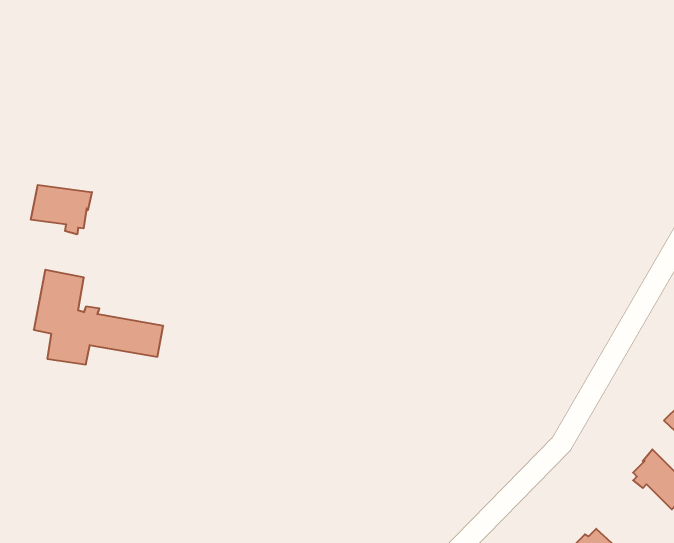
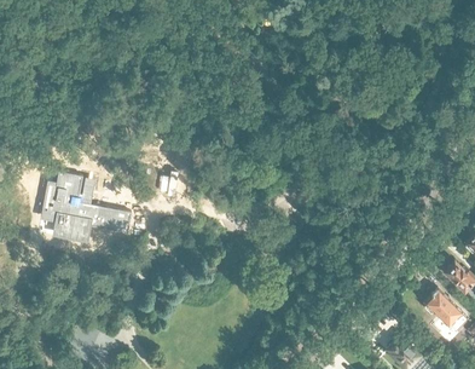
building: [31,185,92,234] -> none

